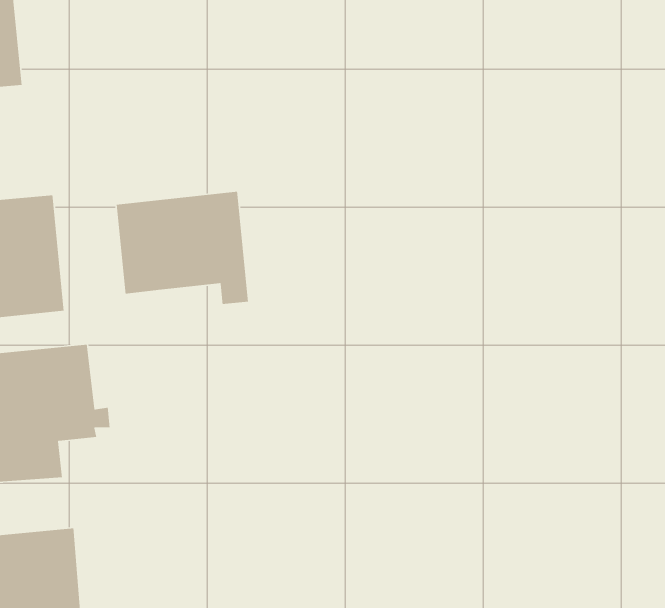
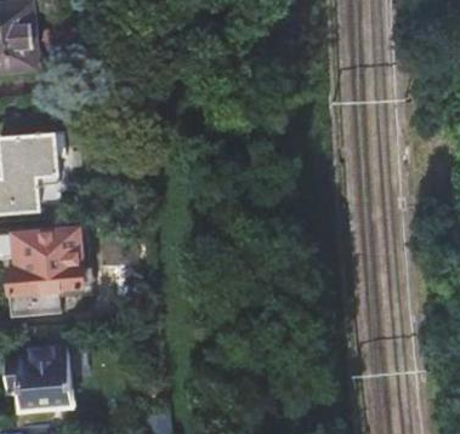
building: [116,191,249,305] -> none

